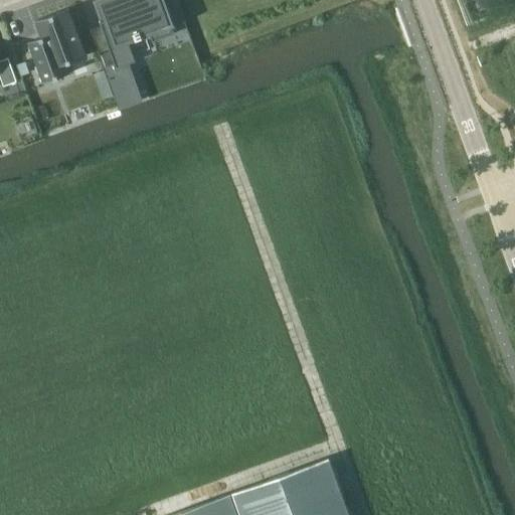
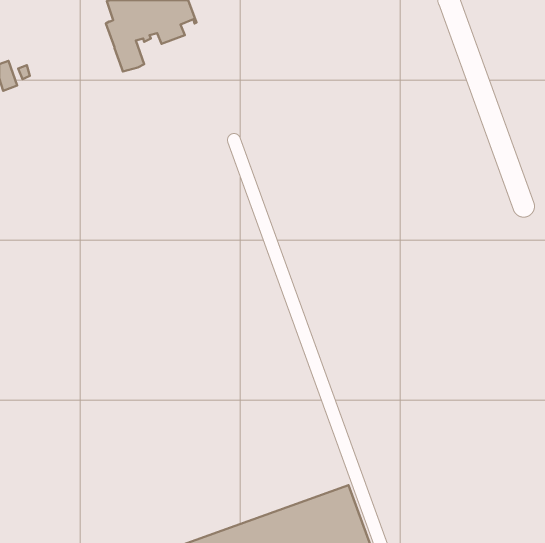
building: [28,12,85,85] -> none
building: [111,79,140,110] -> none

